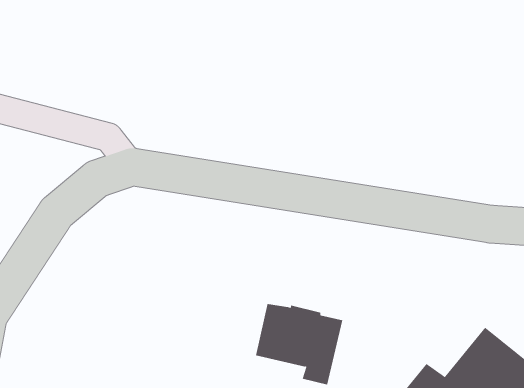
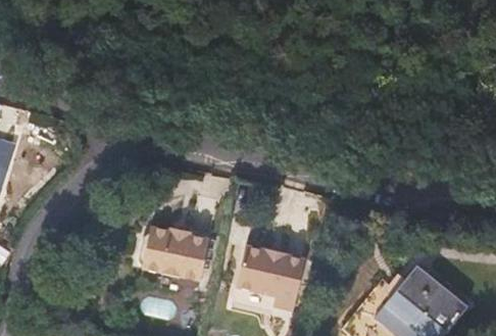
building: none -> [142,226,209,280]

